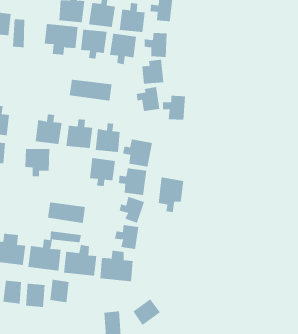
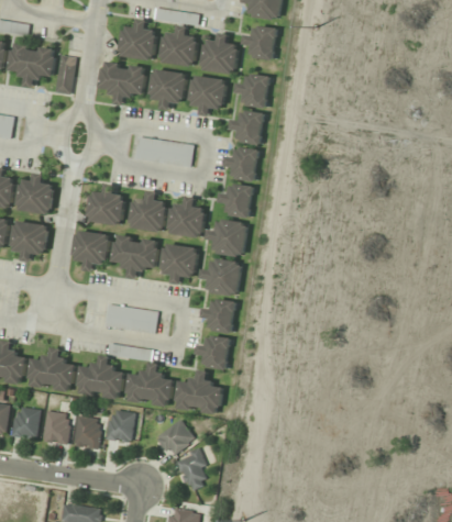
building: [162,95,186,120] -> [219,184,251,218]
building: none -> [111,234,158,278]
building: [158,177,184,213] -> none
building: [133,299,161,326] -> [156,420,195,457]

